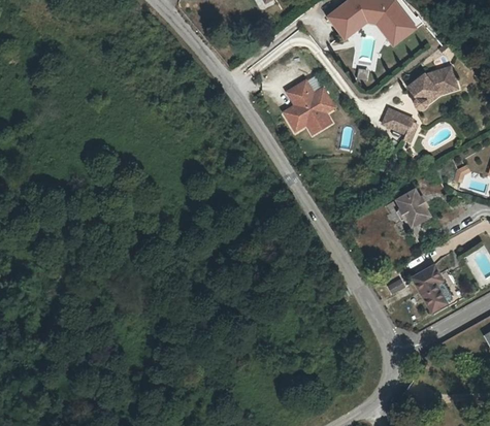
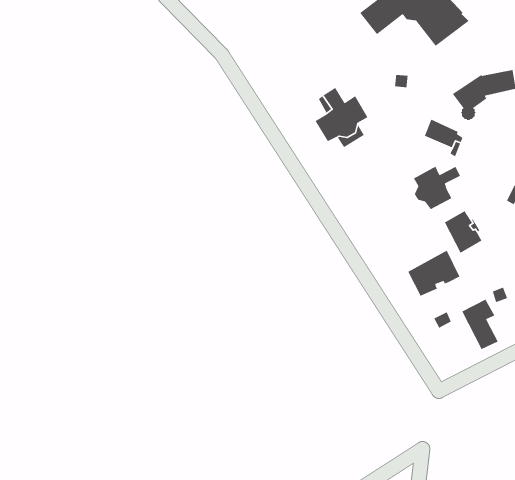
building: none -> [413,165,461,210]
building: none -> [407,250,460,297]

